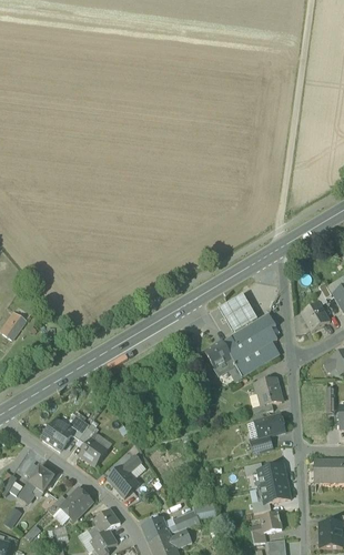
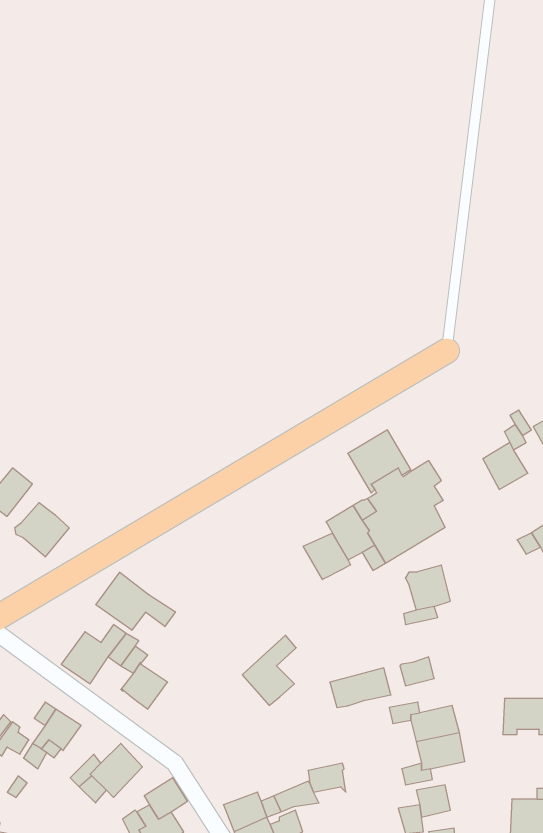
building: none -> [15,503,69,557]
building: none -> [303,533,351,580]
building: none -> [96,572,175,630]
building: [247,413,285,437] -> [330,668,391,708]
building: [108,453,141,496] -> [242,635,296,705]

